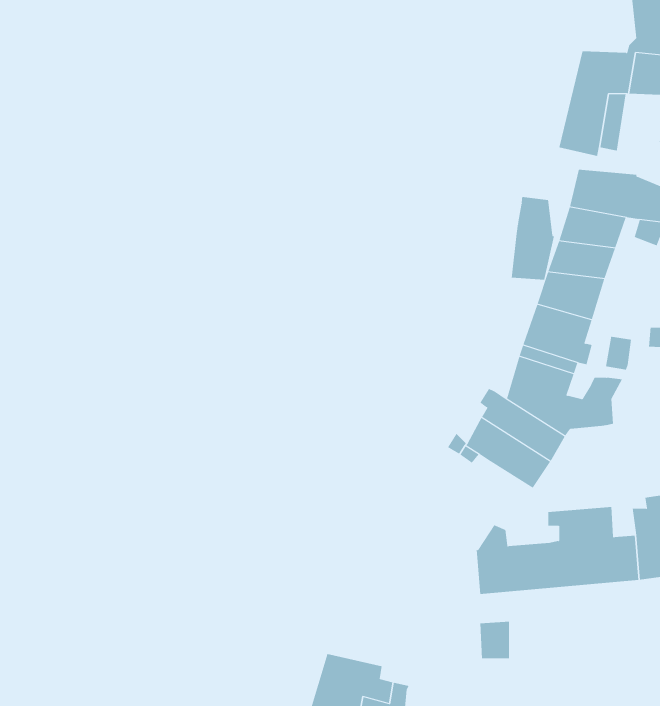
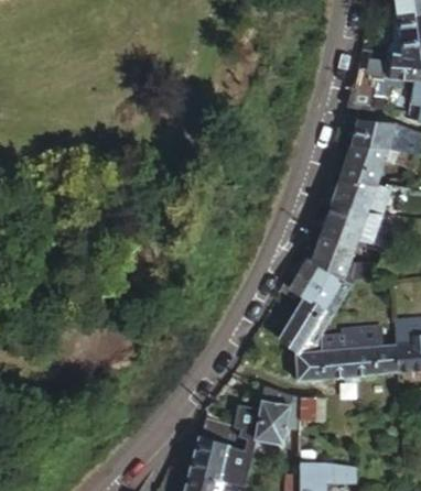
building: [511,196,554,281] -> none
building: none -> [280,299,332,353]
building: none -> [255,386,293,445]

